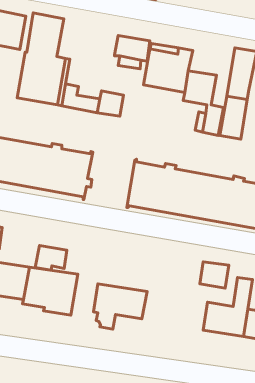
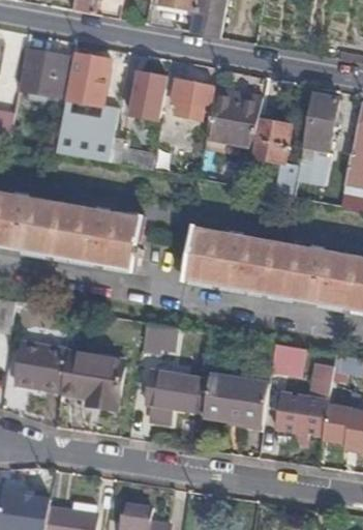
building: none -> [132,71,163,119]
building: [35,246,67,270] -> [141,324,178,353]
building: none -> [202,376,268,426]

